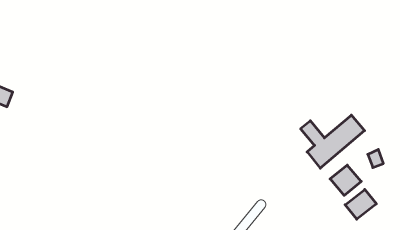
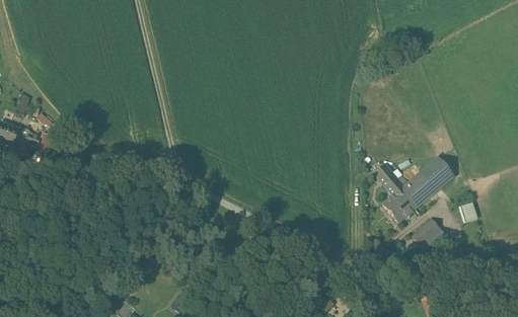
building: [345,189,376,219] -> none

